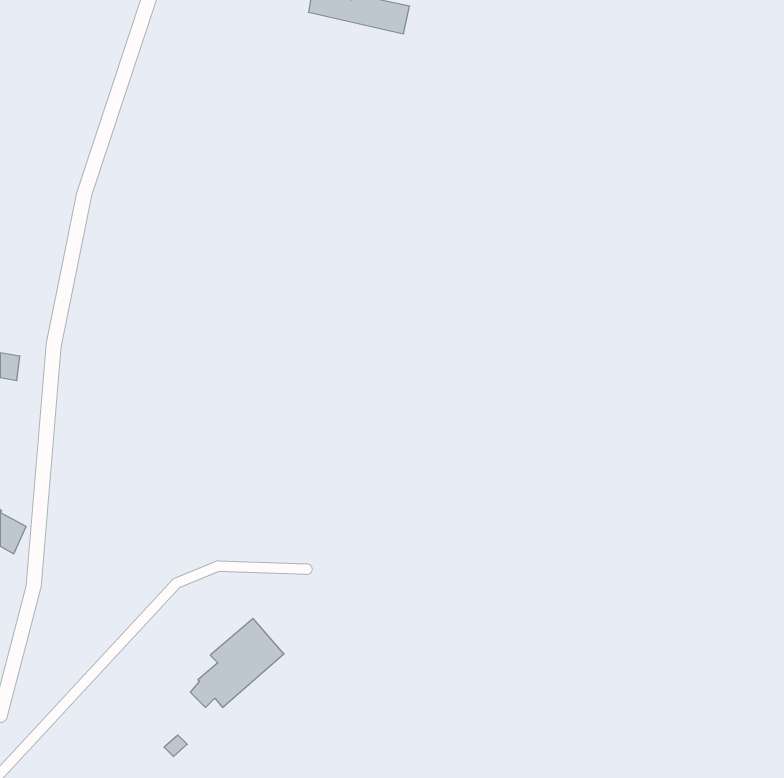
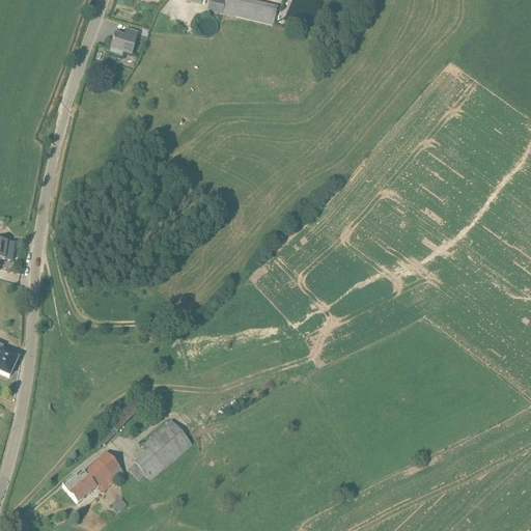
building: none -> [110,26,136,52]
building: none -> [61,450,125,501]

